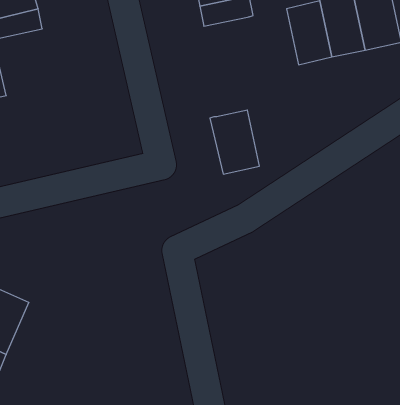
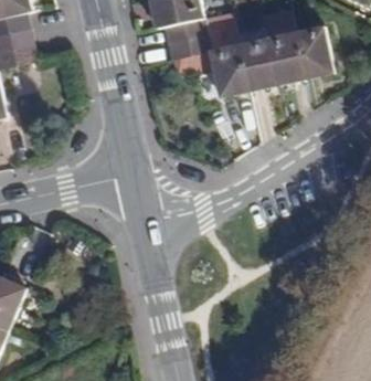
building: [210,110,259,174] -> [208,44,248,97]

